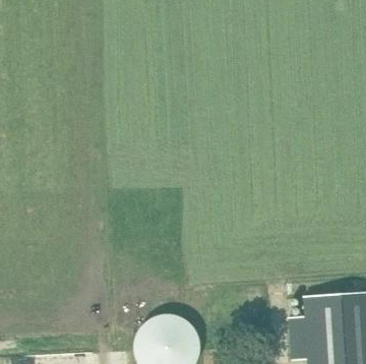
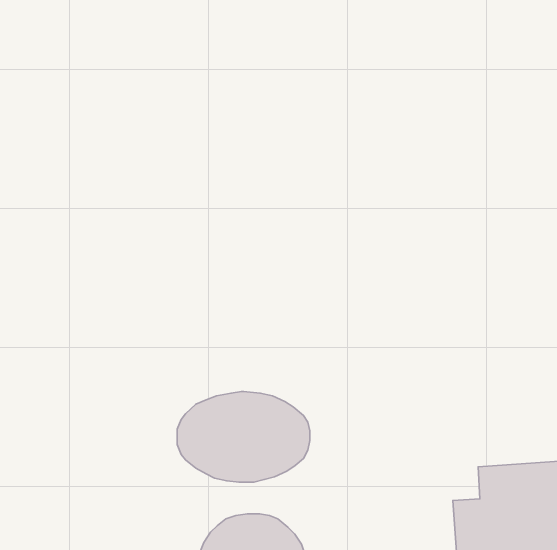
building: none -> [177,392,310,482]

